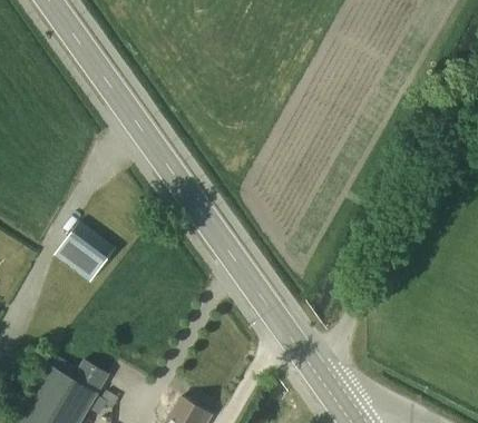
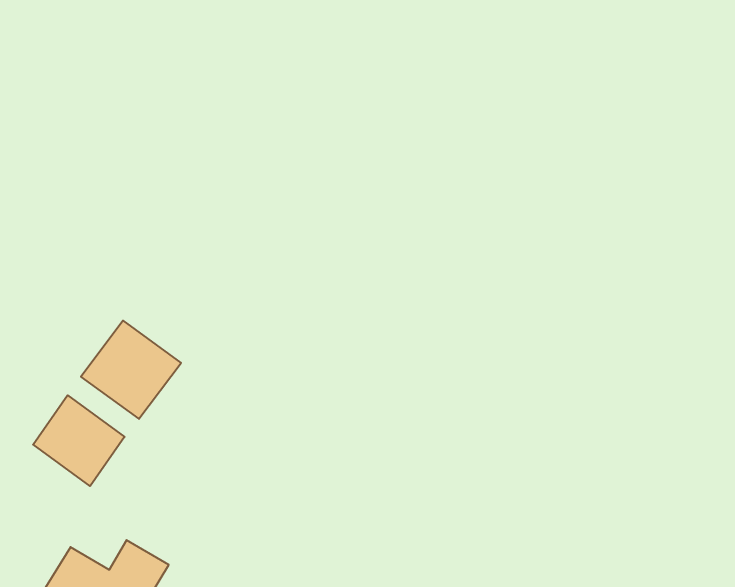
building: none -> [33,395,125,486]

